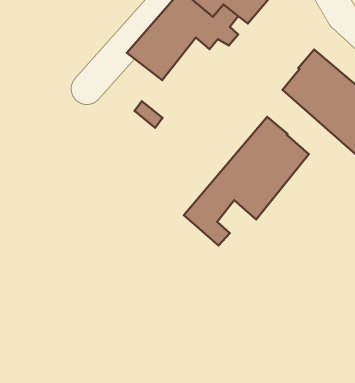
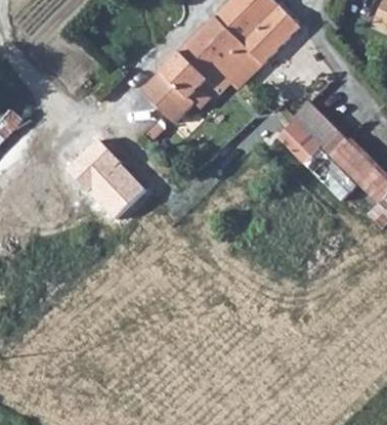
building: none -> [68,143,145,221]
building: [184,117,309,246] -> none

